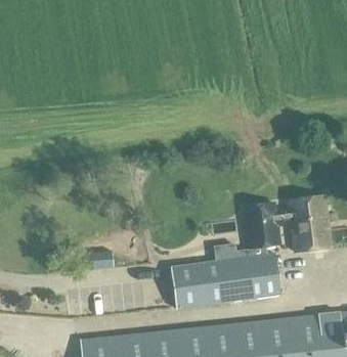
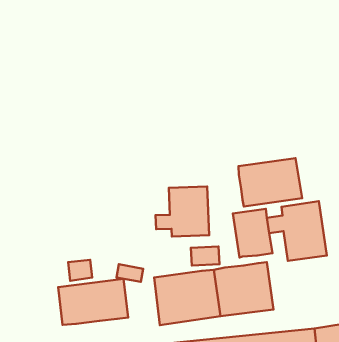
building: none -> [238,158,302,207]
building: none -> [156,186,209,237]
building: none -> [58,279,128,325]

